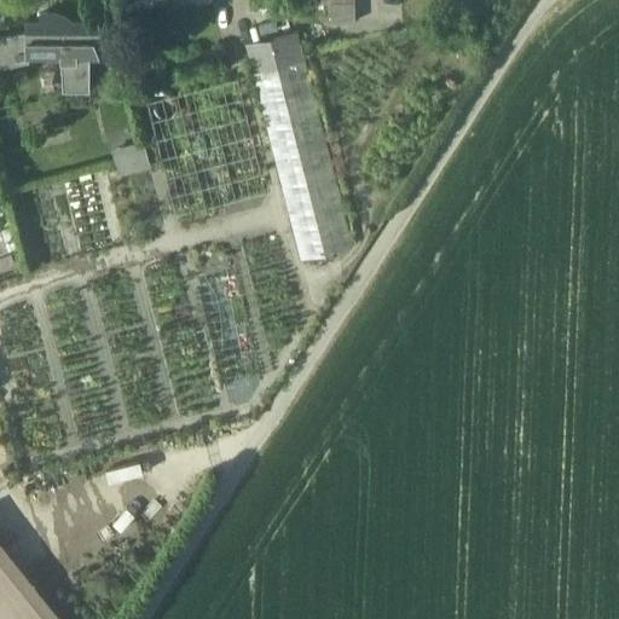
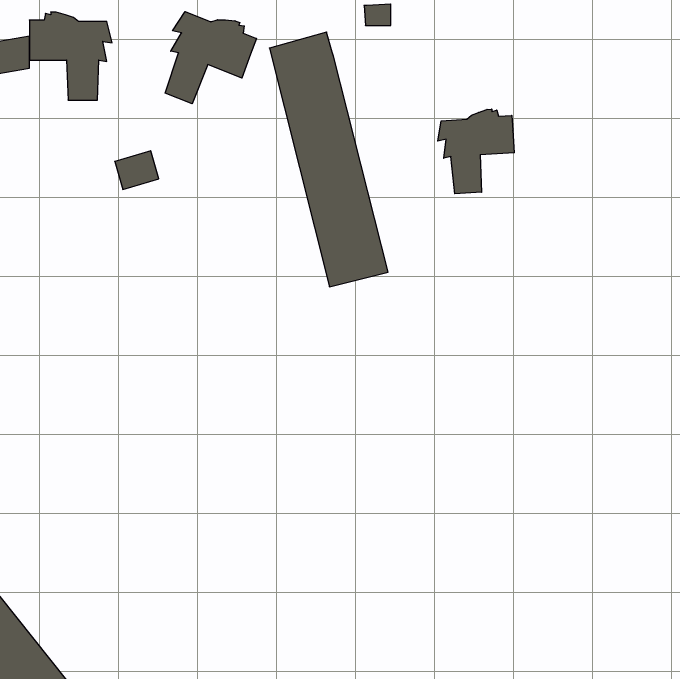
building: none -> [165,12,256,104]
building: none -> [438,109,514,194]

